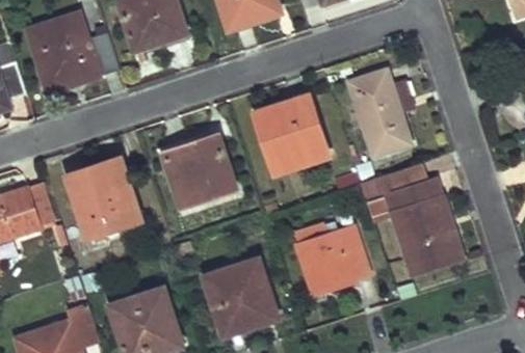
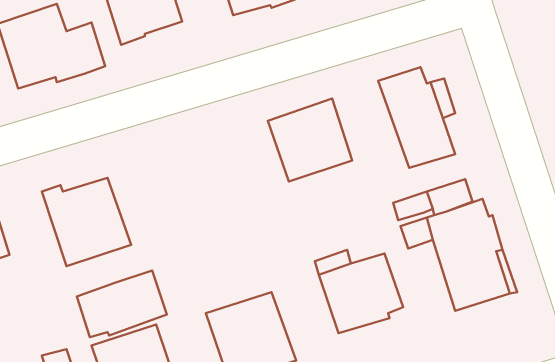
building: [165,136,237,207] -> none
building: none -> [77,271,167,337]

